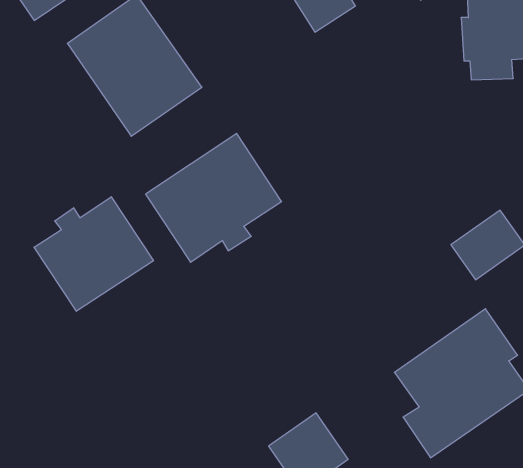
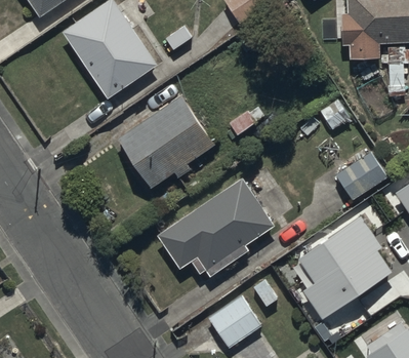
building: [34,197,153,311] -> none
building: none -> [158,176,274,278]

